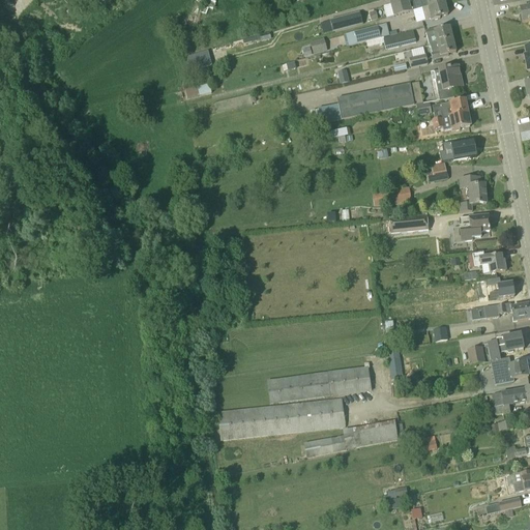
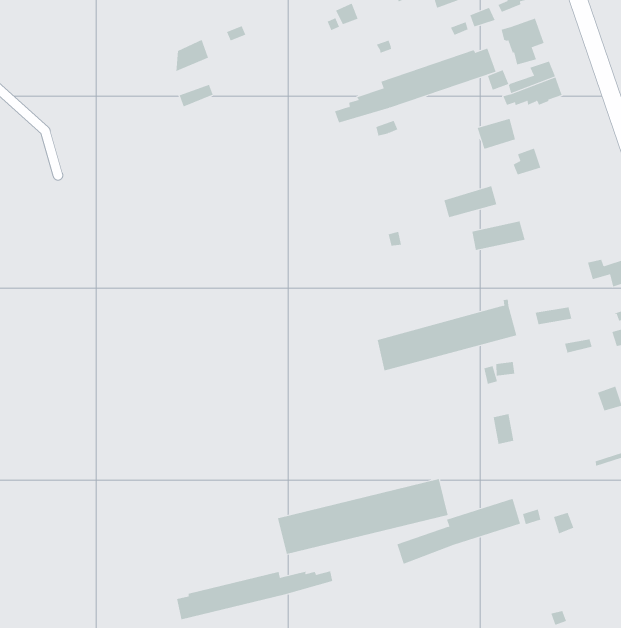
building: [448,138,476,158] -> [477,118,516,149]
building: [459,176,488,211] -> none
building: [460,214,491,241] -> none
building: [268,361,373,403] -> [377,299,517,371]
building: none -> [176,571,333,620]

